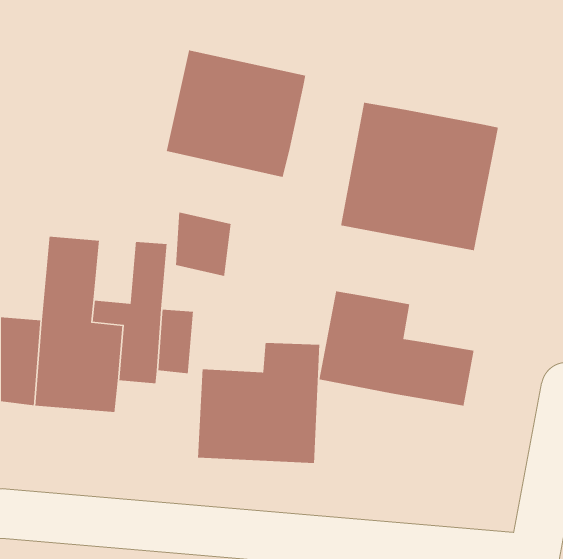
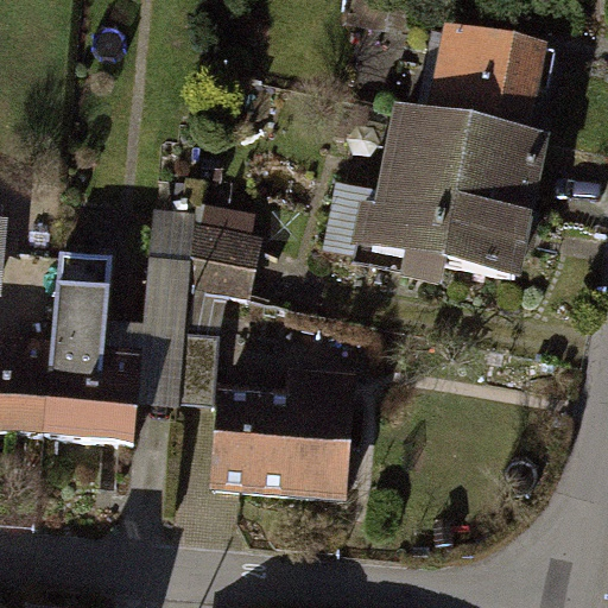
building: none -> [435,28,538,133]
building: [166,50,306,178] -> none
building: [319,291,474,407] -> none

